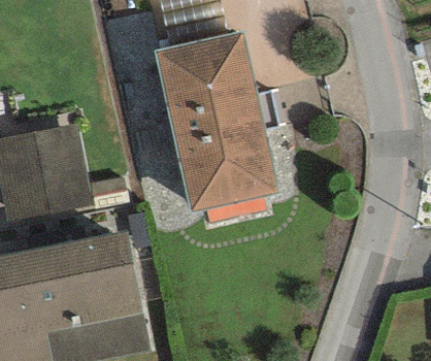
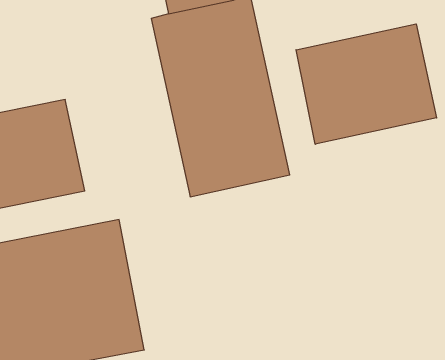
building: none -> [296,24,437,144]

